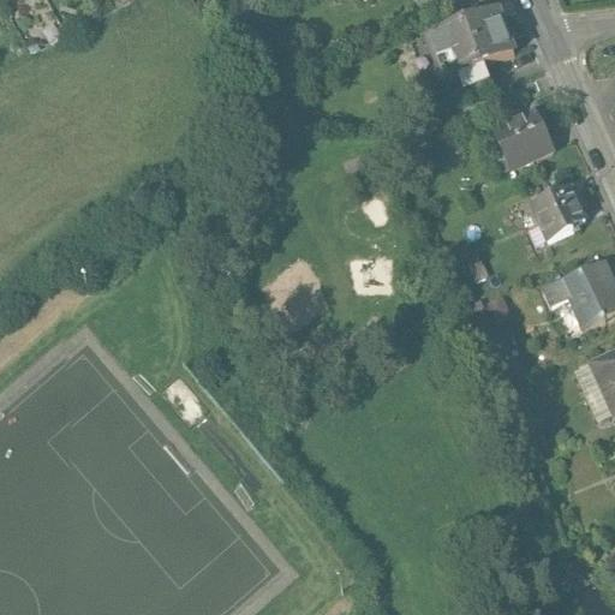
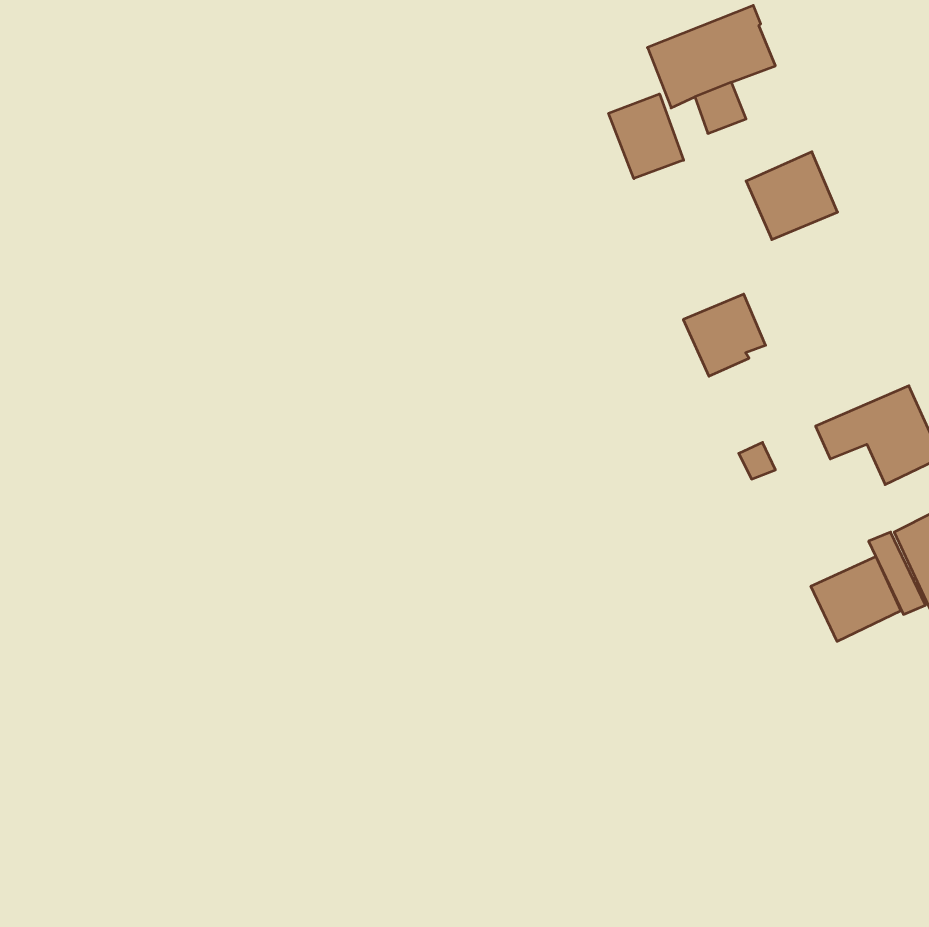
building: none -> [609,94,684,179]
building: [532,181,586,235] -> [683,294,766,376]
building: none -> [811,557,901,641]

